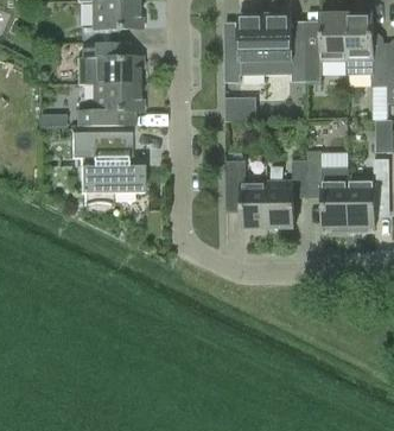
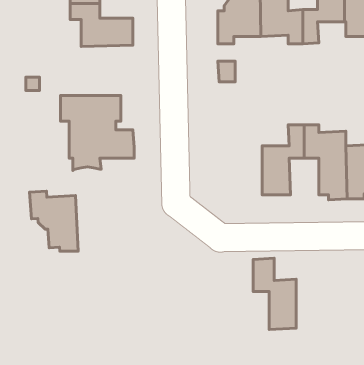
building: [77,83,142,126] -> none
building: [225,160,267,229] -> [253,258,296,330]
building: none -> [30,191,78,251]

